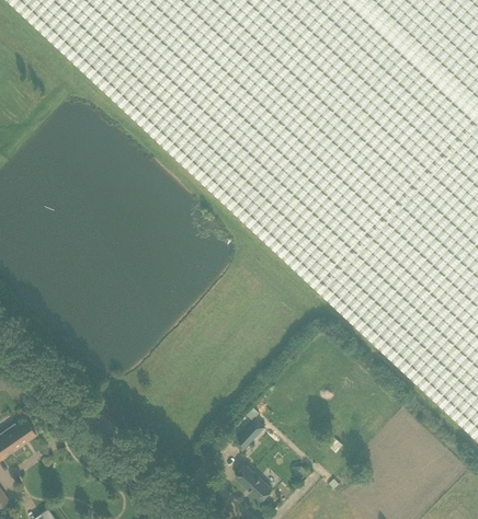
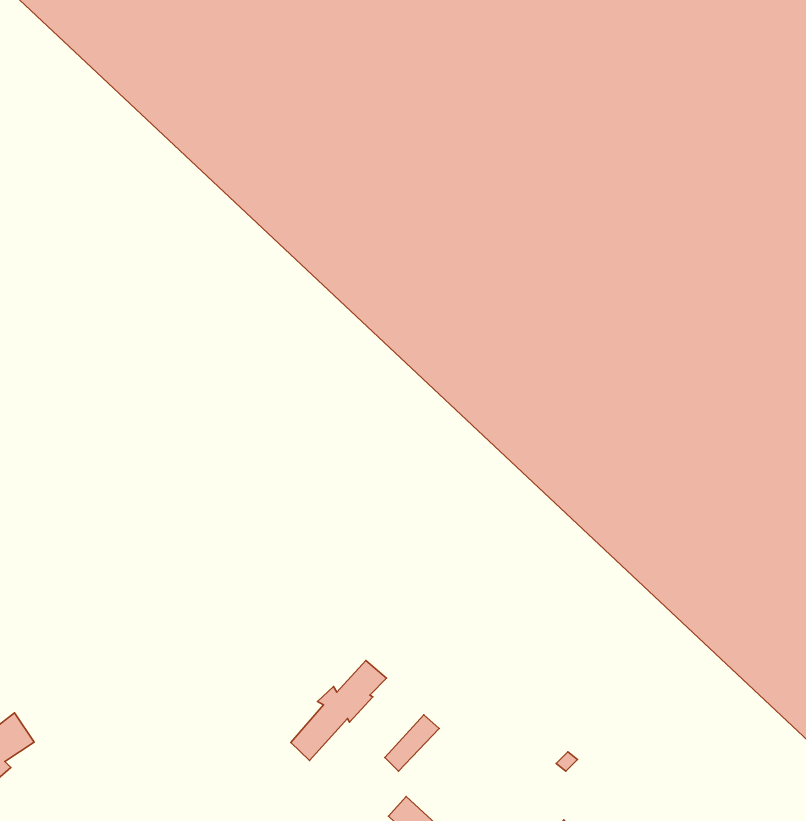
building: none -> [291,661,386,760]

